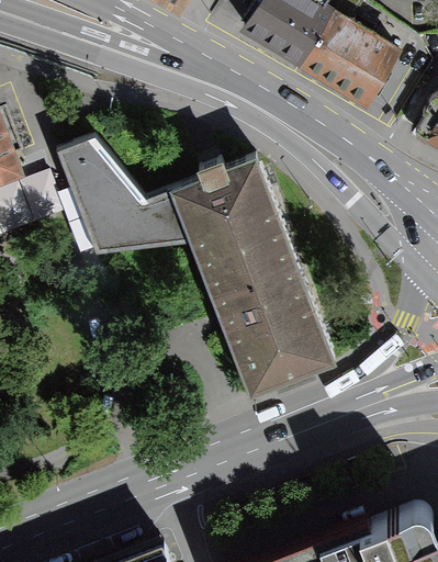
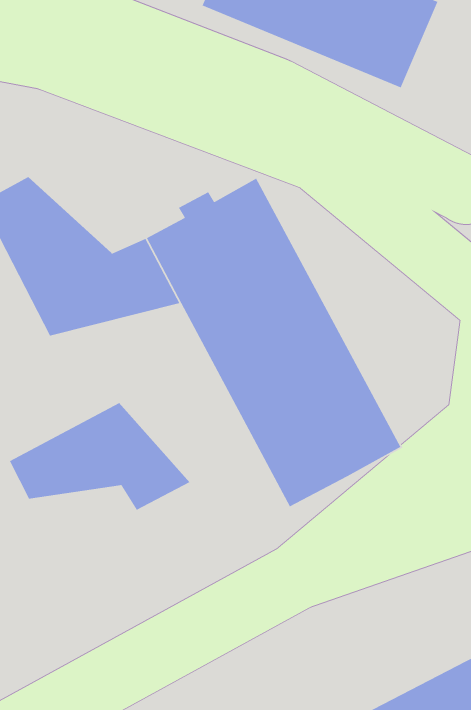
building: none -> [9,402,191,511]

